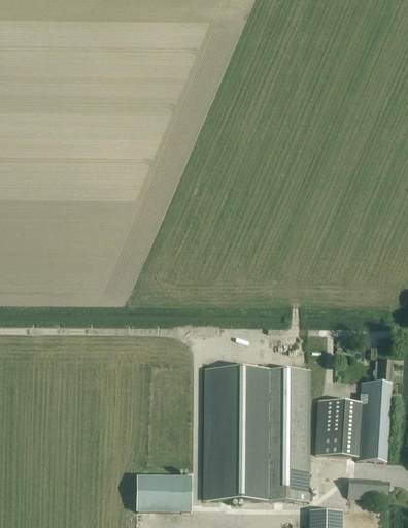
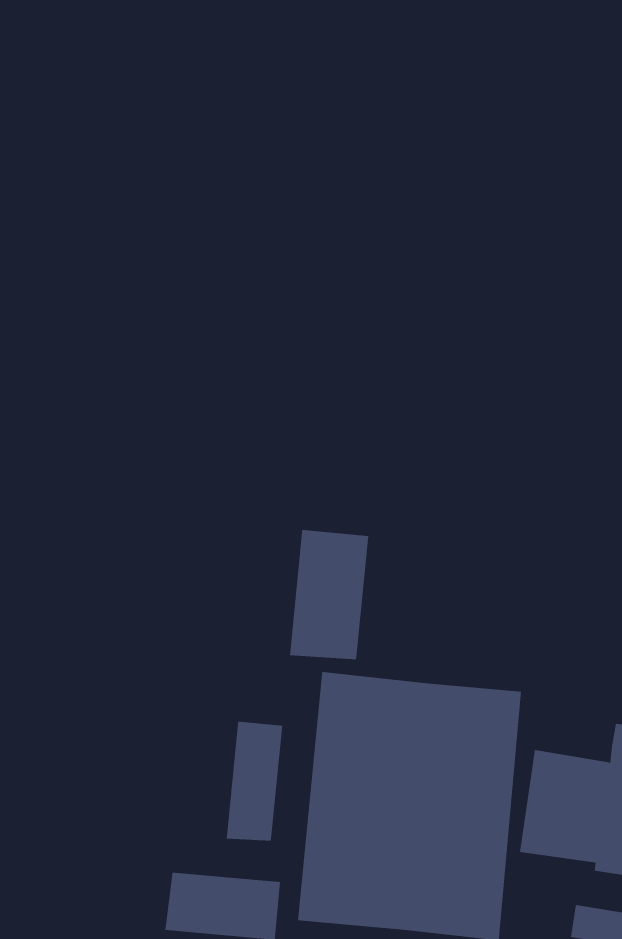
building: none -> [289,529,369,660]
building: none -> [226,721,283,842]

